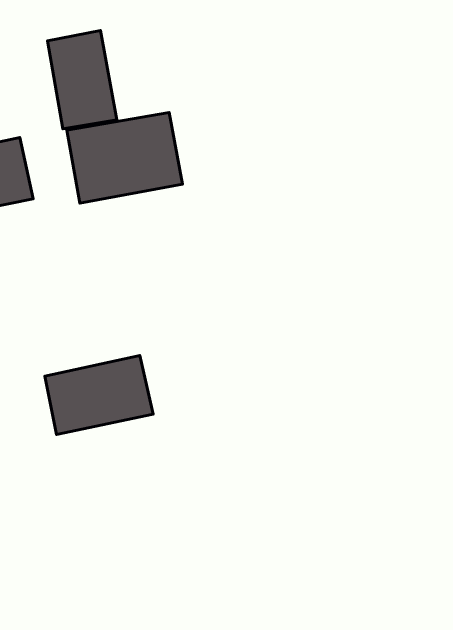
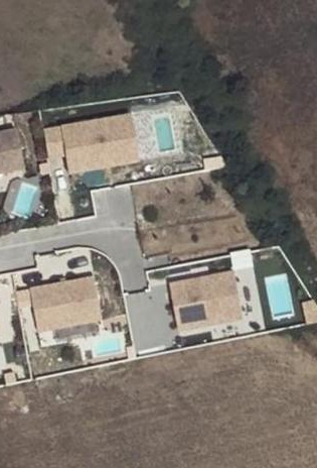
building: [47,30,117,129] -> none
building: none -> [166,274,242,329]

